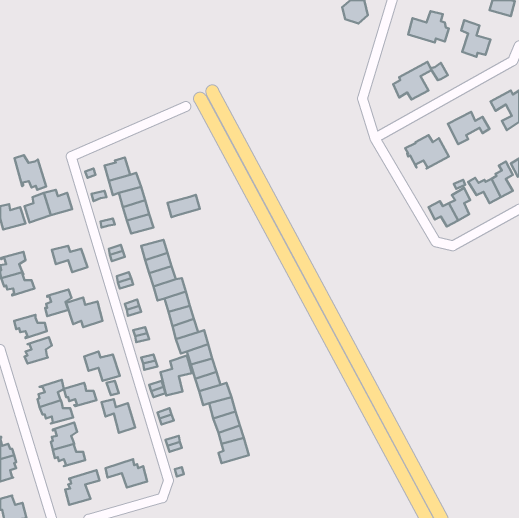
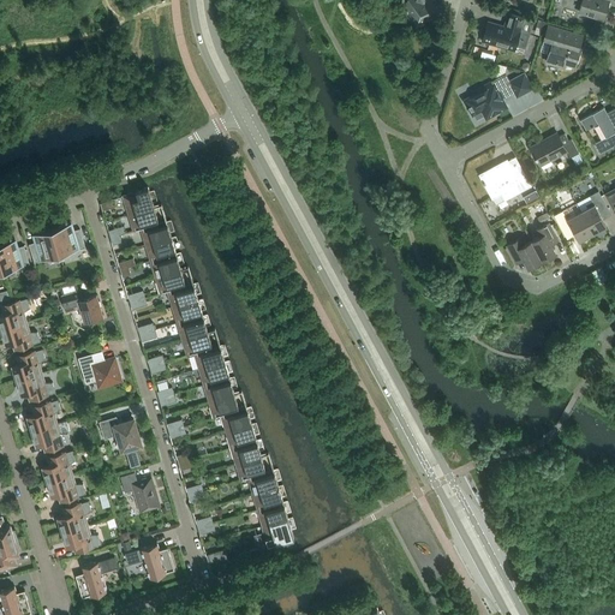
building: [15,155,46,190] -> none
building: [167,195,200,217] -> [155,268,193,294]
building: [45,290,71,316] -> [14,350,46,381]
building: [160,356,192,395] -> none
building: [64,383,96,406] -> [32,424,71,452]

